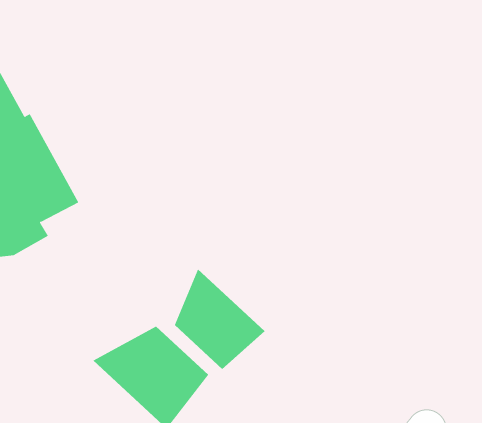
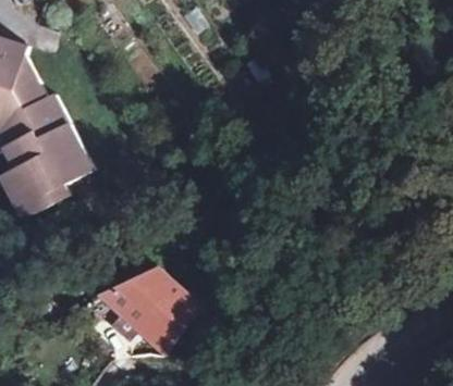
building: [174,268,265,370] -> none

